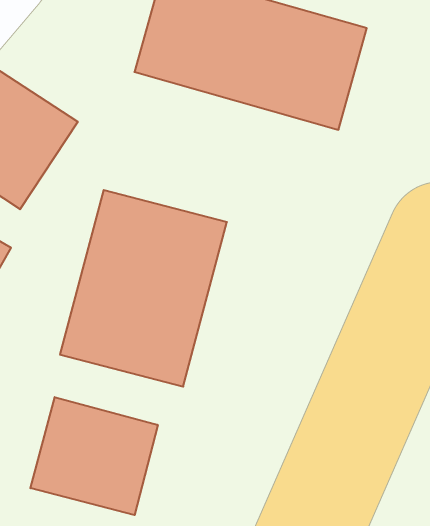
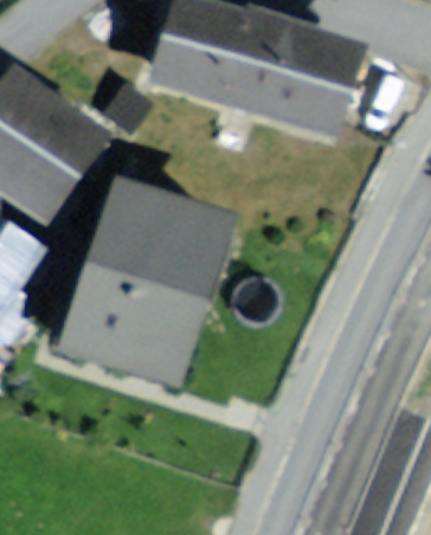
building: [30,397,158,515] -> none

